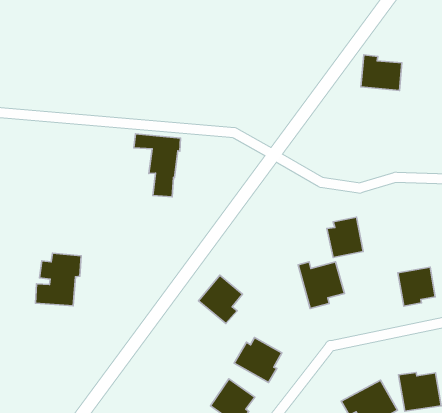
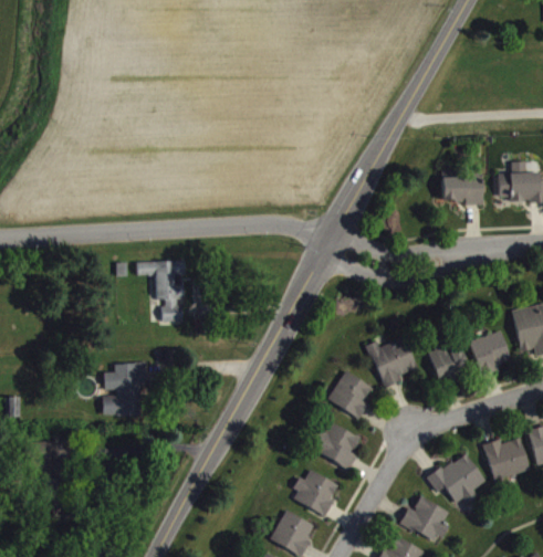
building: [361,55,402,91] -> [441,170,482,203]
building: [134,134,180,197] -> [137,261,185,323]
building: [327,217,363,257] -> [428,337,468,381]
building: [198,275,243,324] -> [327,370,372,419]

